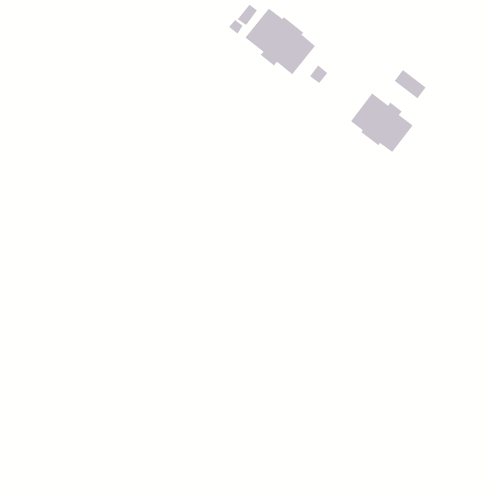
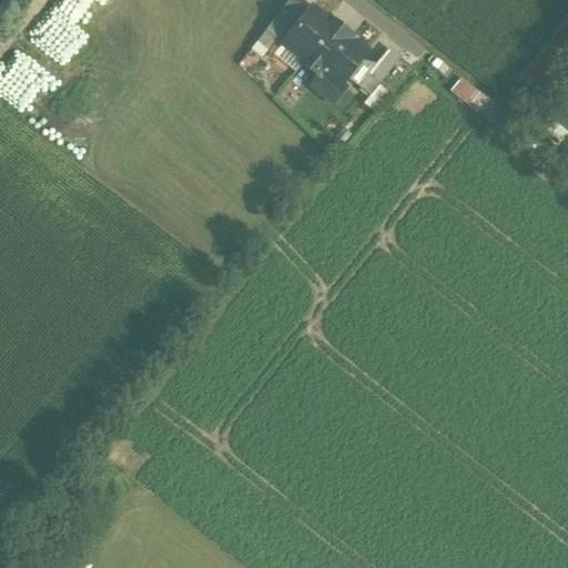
building: [350,93,413,153] -> none

